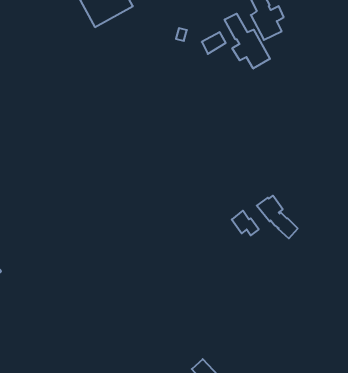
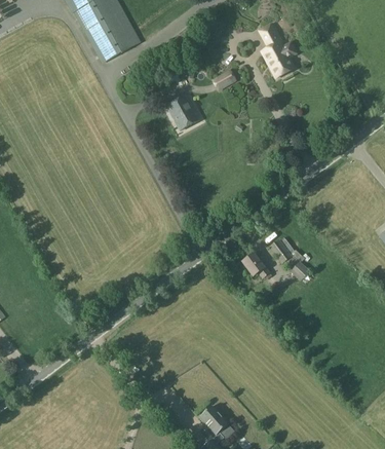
building: [225,14,270,69] -> none
building: none -> [167,95,198,128]

